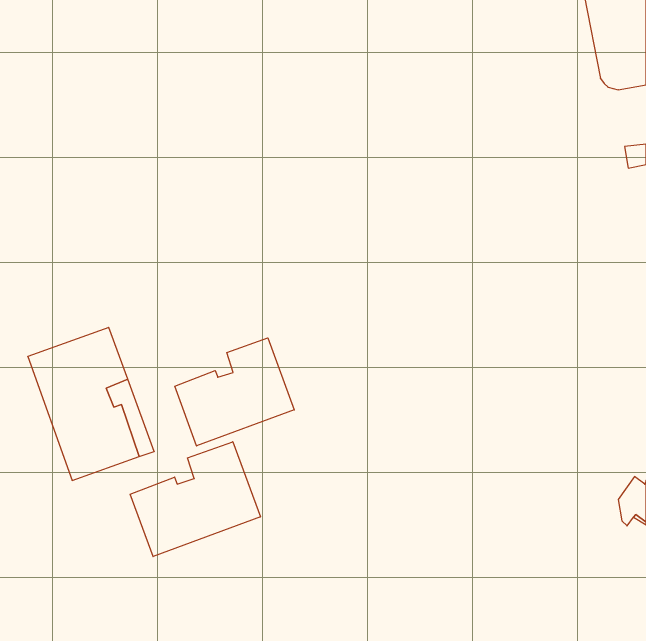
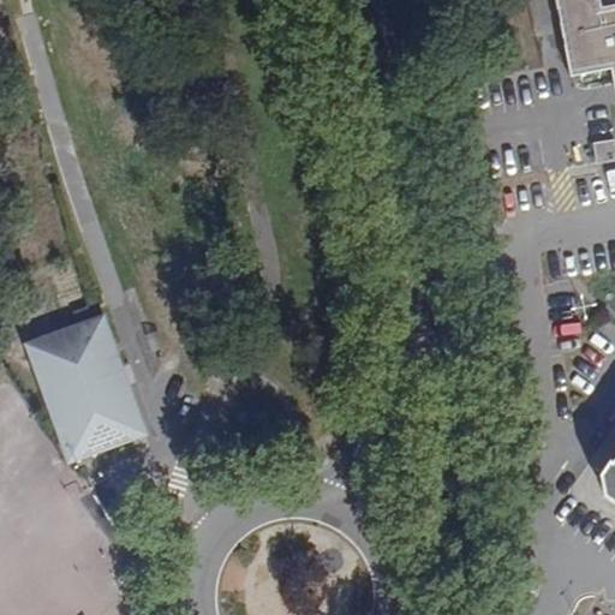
building: [175,338,294,446] -> none
building: [130,442,260,557] -> none

